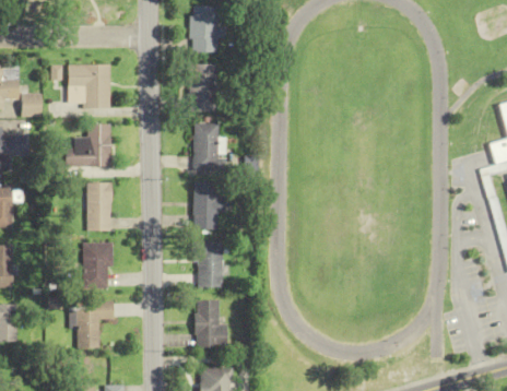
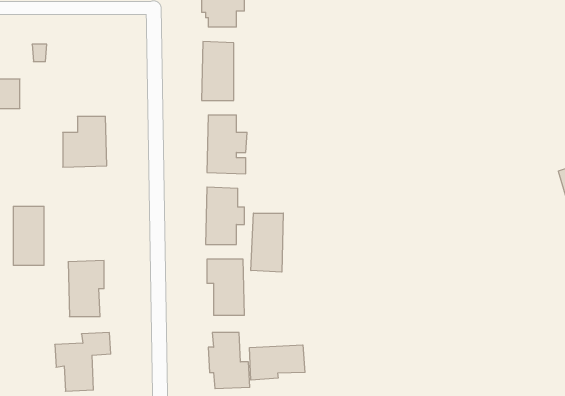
building: [68,64,110,109] -> none
building: [84,182,109,230] -> [13,206,44,265]
building: none -> [251,213,283,272]
building: none -> [250,345,305,380]

